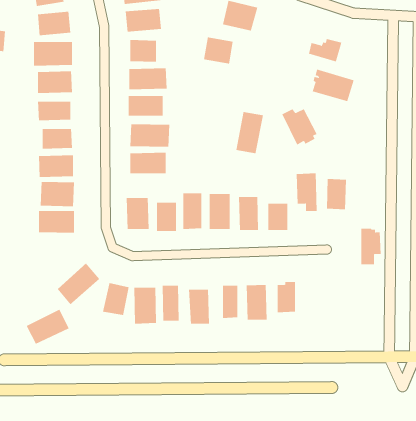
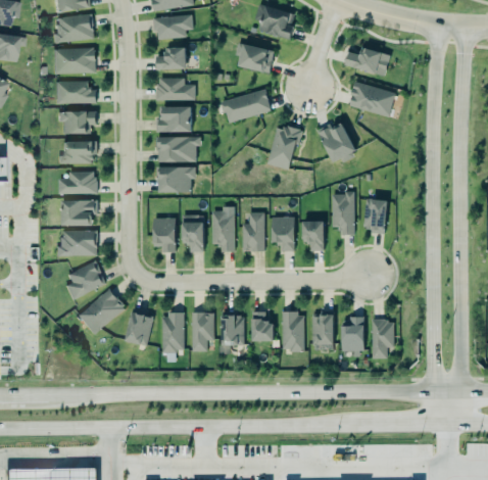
building: none -> [217,89,270,124]
building: [361,228,381,265] -> [374,317,396,356]
building: none -> [344,315,367,348]
building: [26,309,69,345] -> [58,260,105,299]

